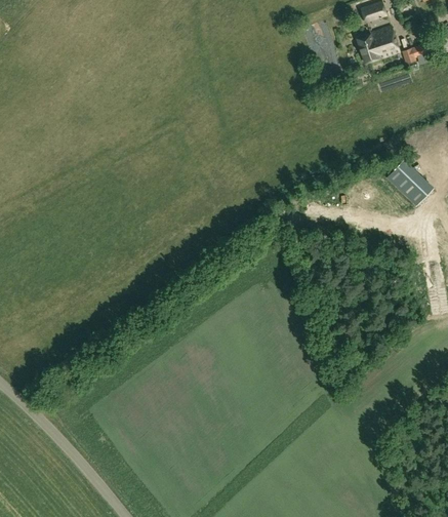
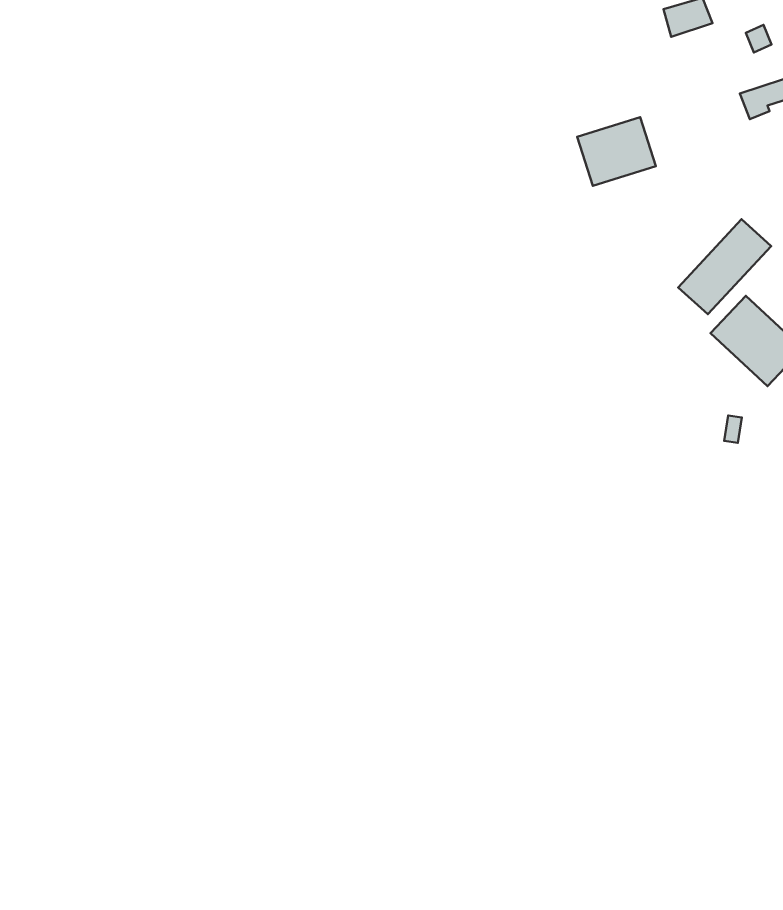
building: [358,27,399,63] -> [577,117,656,186]
building: none -> [678,219,771,314]

